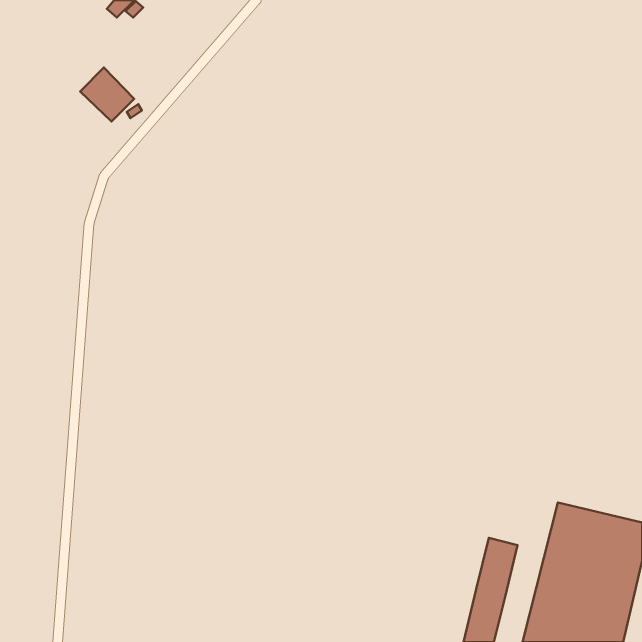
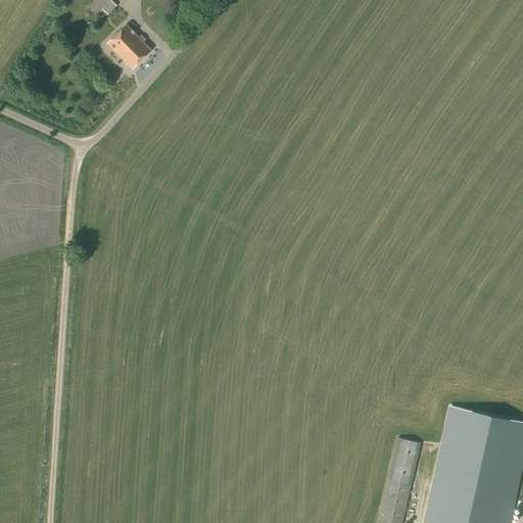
building: [80,68,134,122] -> [106,25,150,68]

